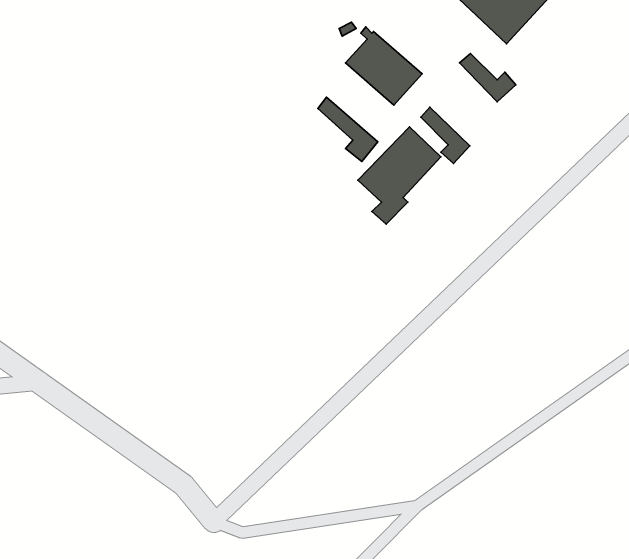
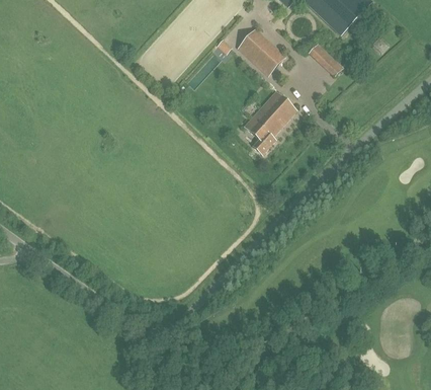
building: [318,97,378,162] -> none
building: [421,107,470,164] -> none

